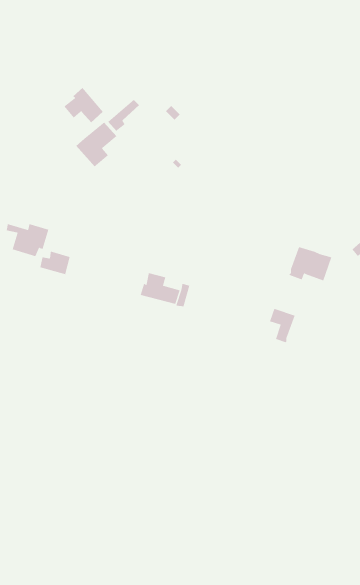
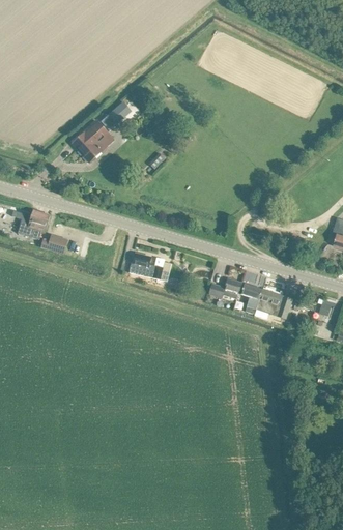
building: [63,87,104,123] -> none
building: [289,247,332,281] -> [255,289,292,319]
building: none -> [208,277,242,299]

